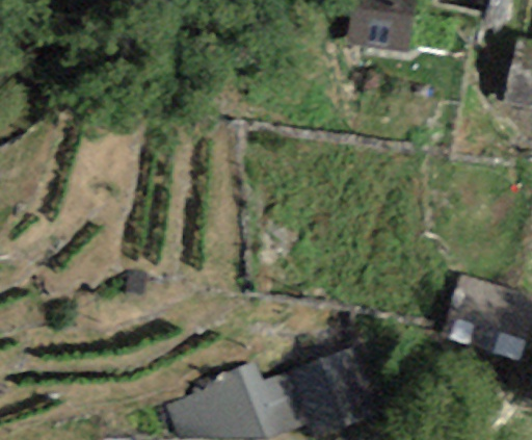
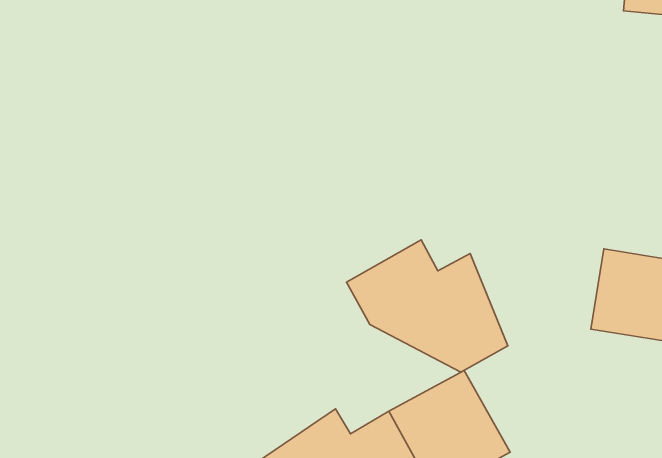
building: none -> [346,240,508,372]

